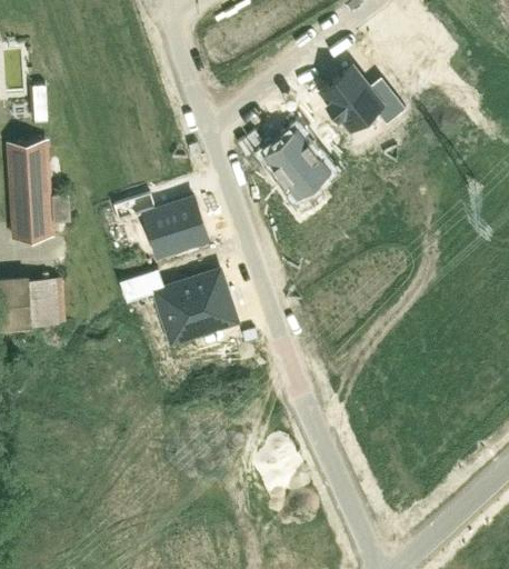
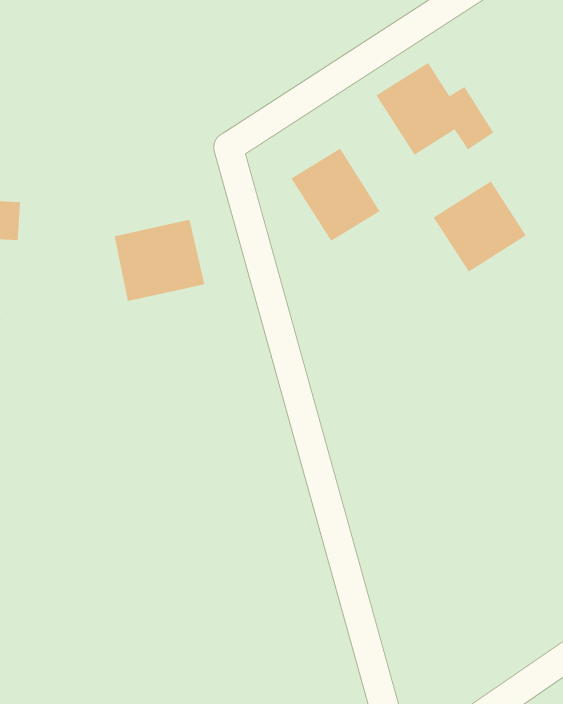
building: none -> [433,181,527,272]
building: [119,270,238,346] -> none

